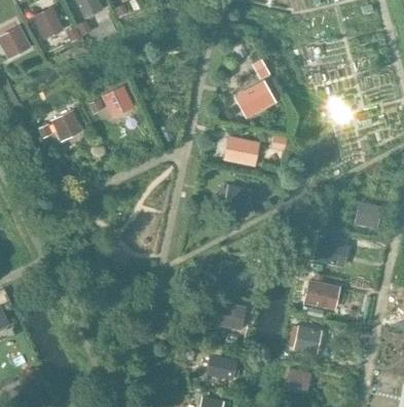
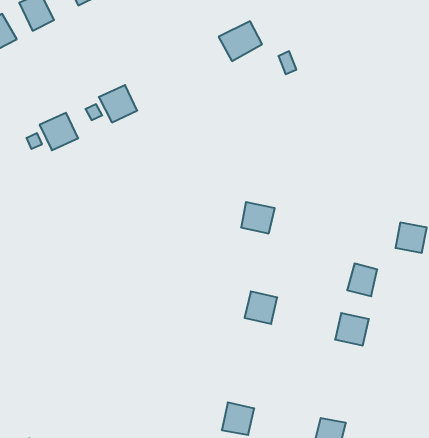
building: [235,83,272,117] -> [219,21,262,61]
building: [226,140,258,164] -> none
building: [216,301,245,330] -> none
building: [292,325,321,354] -> none

